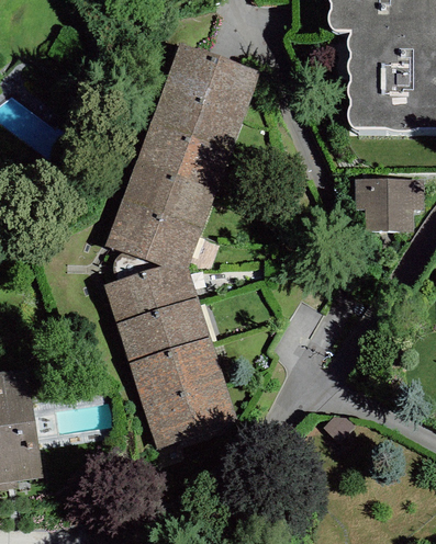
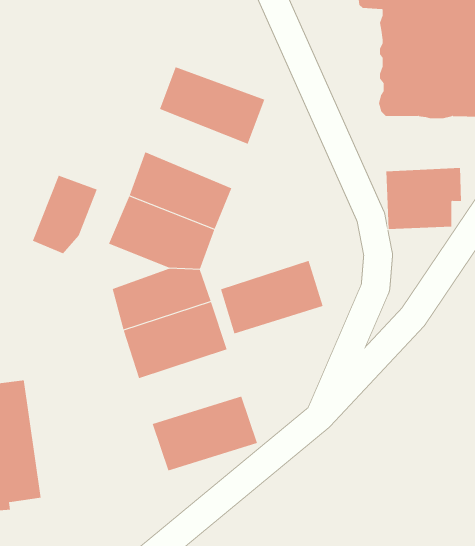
building: [164,47,259,114] -> none
building: [136,123,230,194] -> none
building: none -> [32,175,97,254]
building: [131,340,224,407] -> [220,260,324,334]

